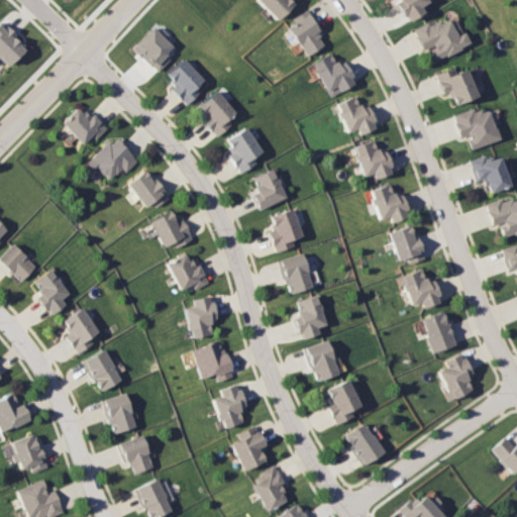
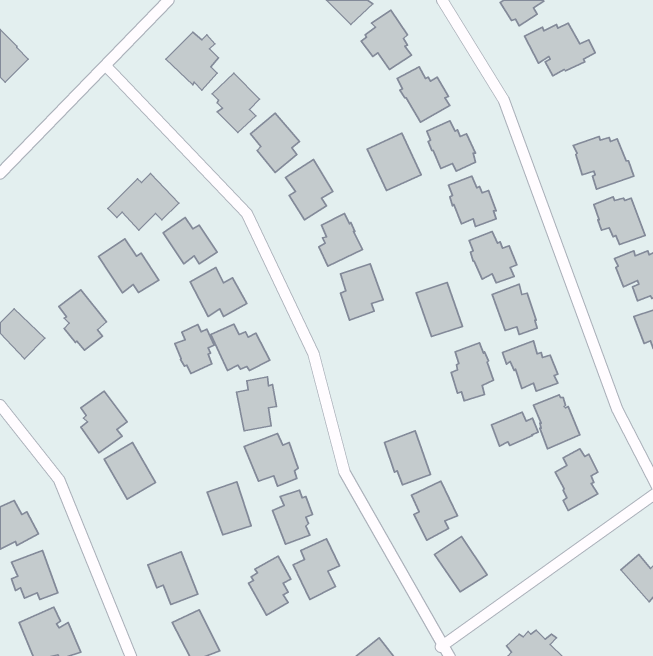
building: [435,67,478,105] -> none
building: none -> [367,133,421,191]
building: [63,110,110,144] -> none
building: none -> [99,239,159,293]
building: [279,252,315,295] -> [416,283,463,337]
building: none -> [175,324,214,374]
building: [35,269,73,316] -> [59,290,107,350]
building: [295,295,328,340] -> [451,343,494,401]
building: none -> [491,412,538,446]
building: [105,393,139,434] -> [207,482,251,535]
building: [256,463,290,510] -> [248,556,291,615]

